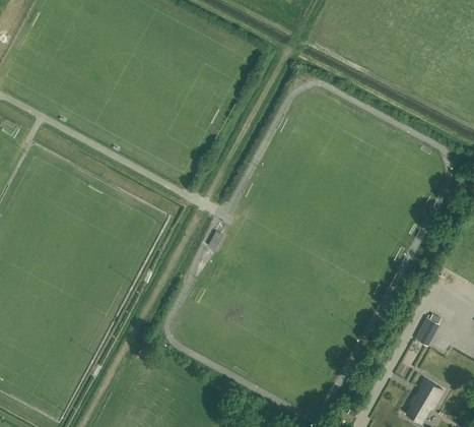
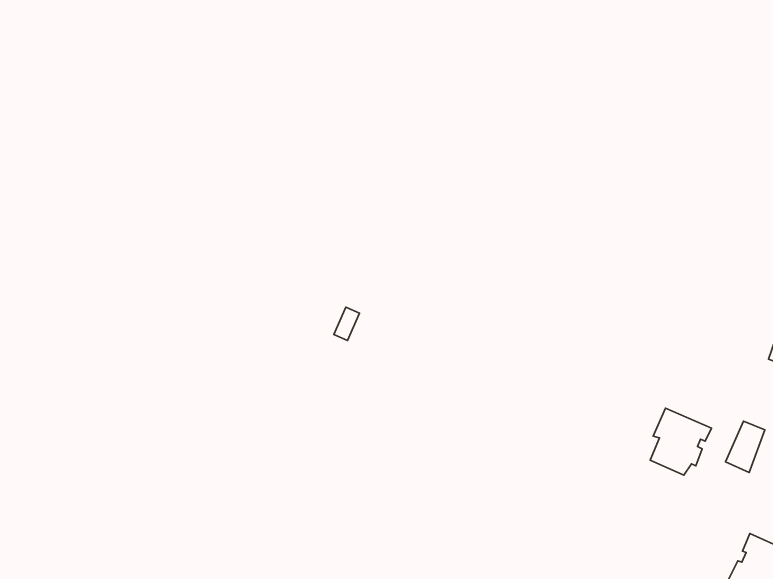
building: none -> [650,408,711,475]

